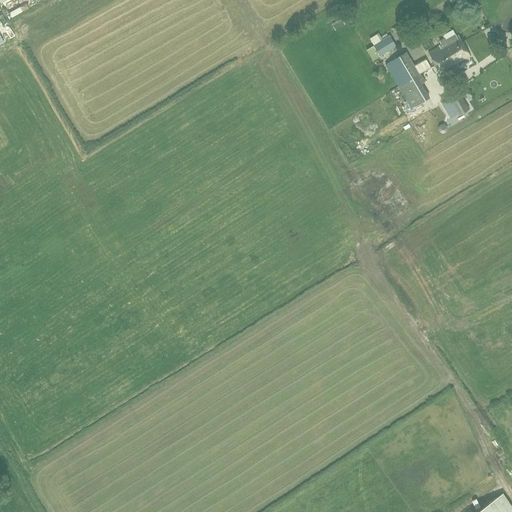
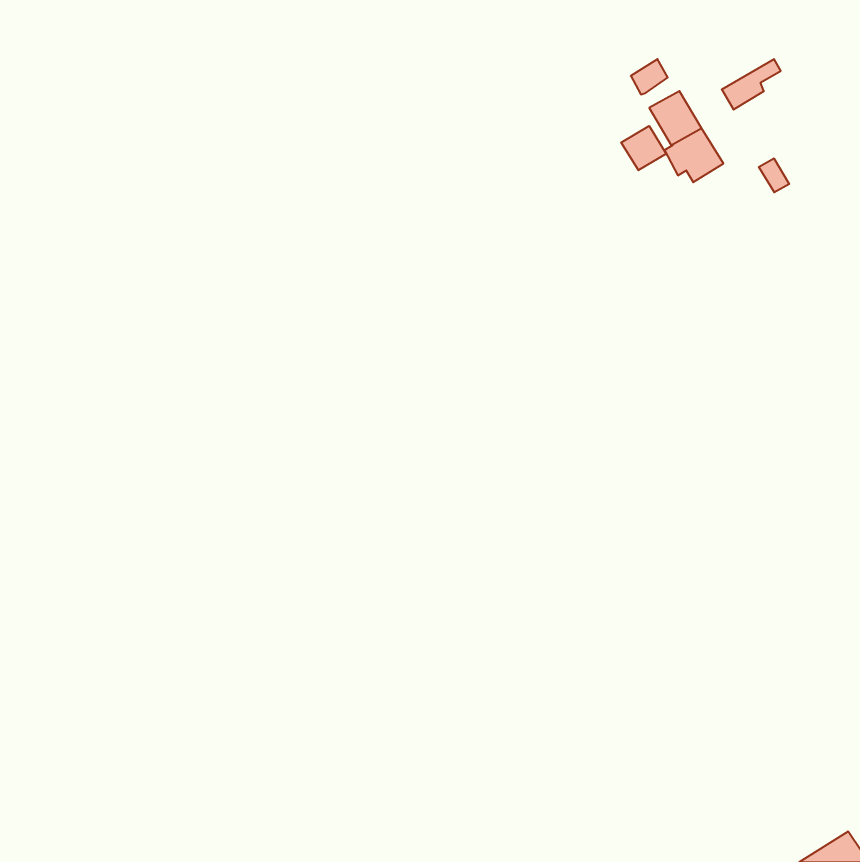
building: [436,42,472,74] -> none
building: none -> [621,126,666,170]

